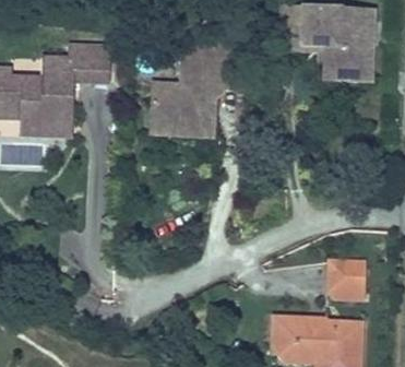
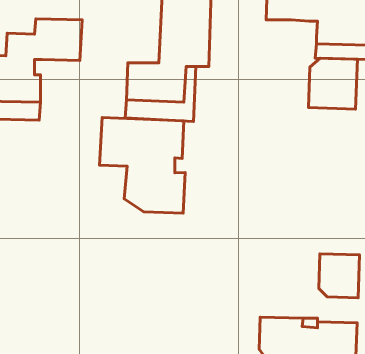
building: none -> [308,58,357,109]
building: none -> [99,117,185,213]

